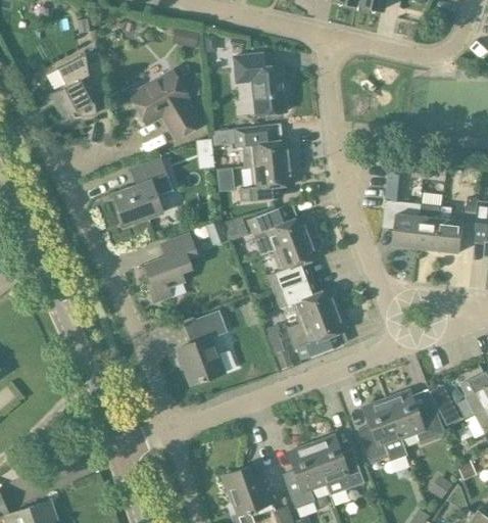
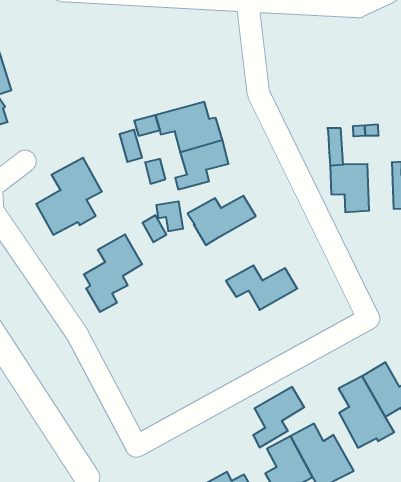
building: [233,53,286,114] -> none
building: [129,69,201,139] -> none
building: [416,204,443,249] -> none
building: [267,236,319,291] -> none
building: [295,308,346,360] -> [253,387,304,448]
building: [177,311,236,384] -> none

